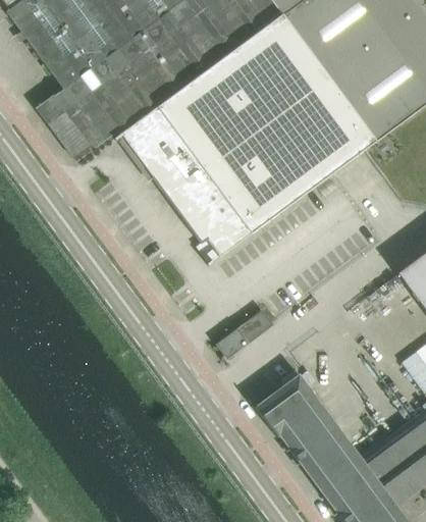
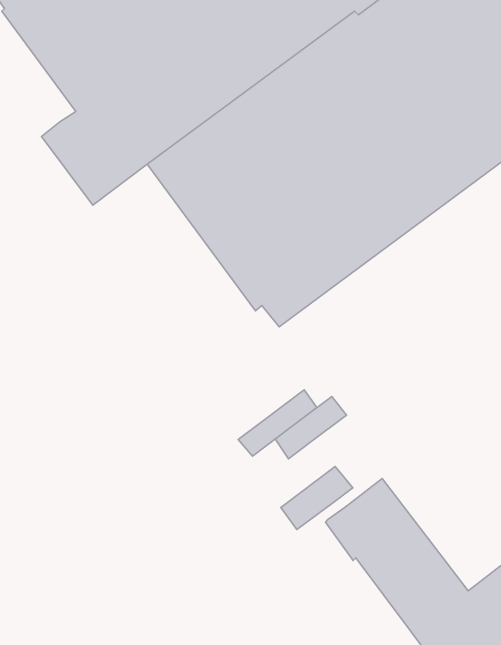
building: none -> [238,390,317,456]
building: none -> [281,466,353,530]

